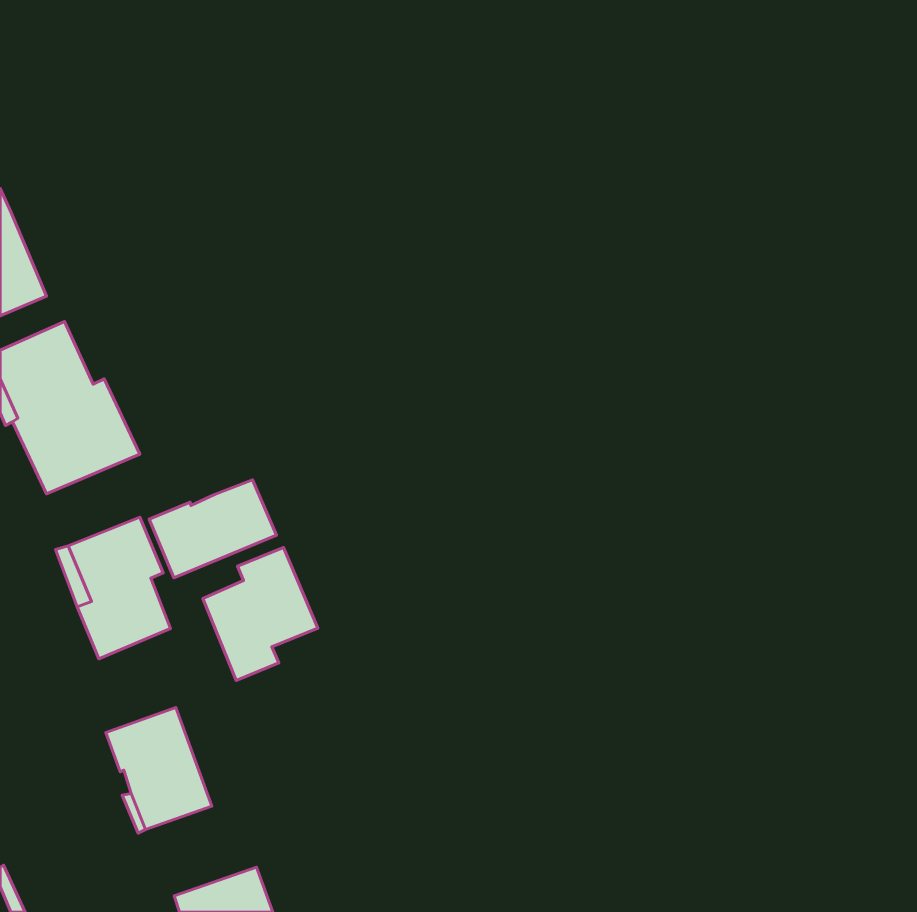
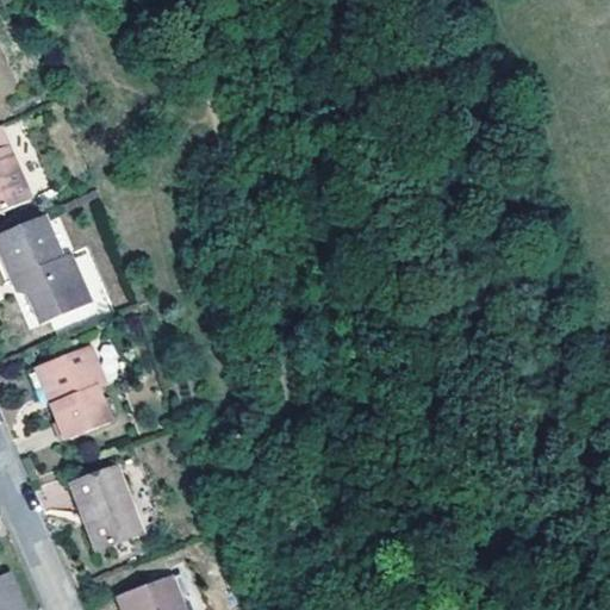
building: [149,480,276,578] -> none
building: [203,548,318,680] -> none

